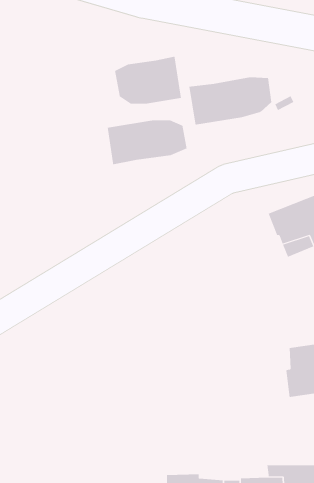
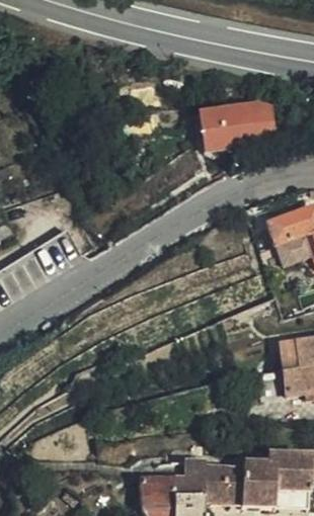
building: [115,56,182,104] -> none
building: [107,119,187,165] -> none

